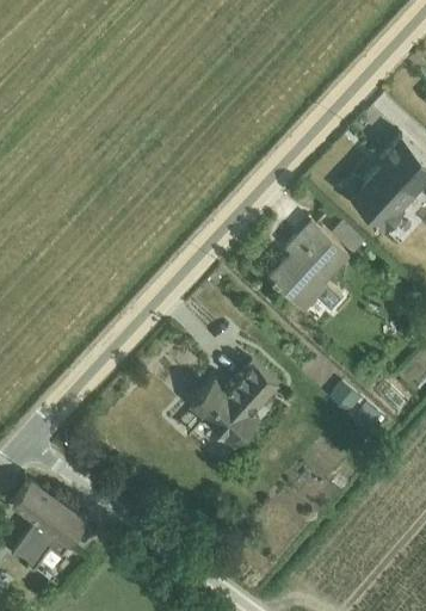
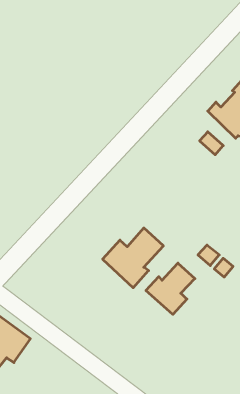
building: [266,221,348,311] -> none
building: none -> [146,263,195,314]

